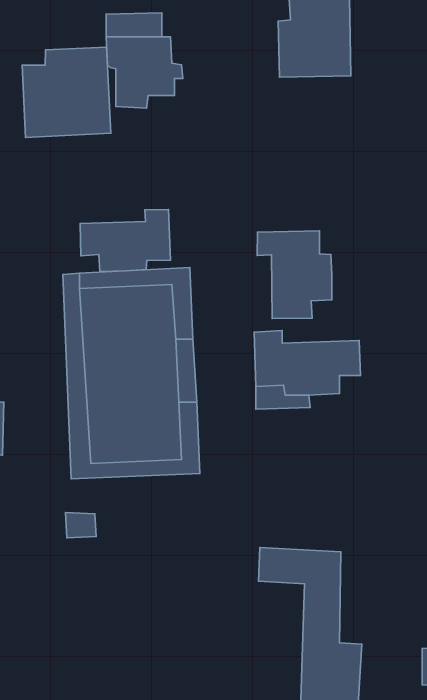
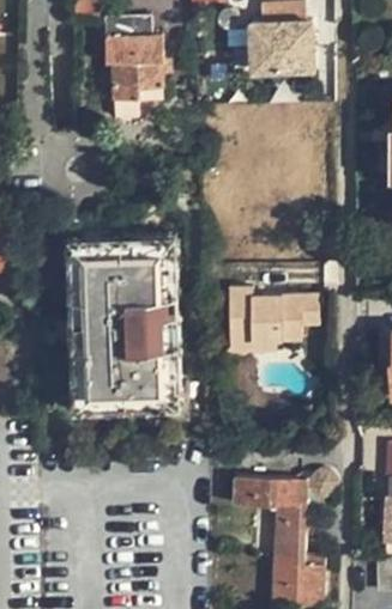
building: [22,47,111,138] -> none
building: [80,210,171,271] -> none
building: [257,231,332,319] -> none

